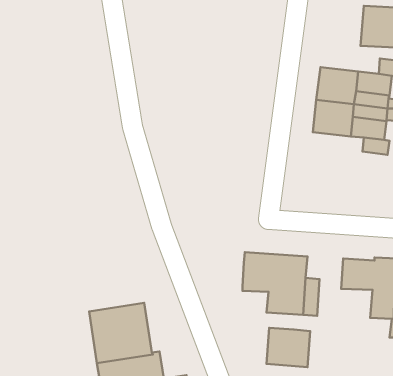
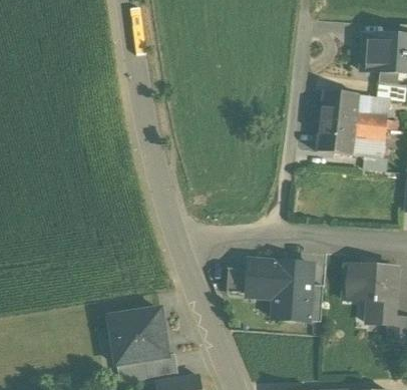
building: none -> [228,270,253,294]
building: [267,328,310,367] -> none

